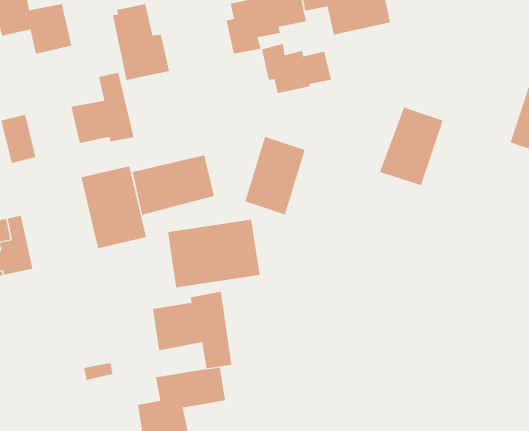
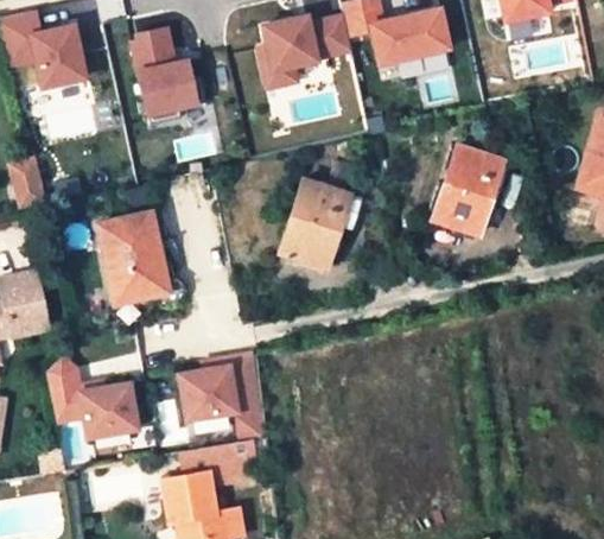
building: [261,43,331,94] -> none
building: [71,72,134,144] -> none
building: [132,155,215,215] -> none
building: [167,219,260,288] -> none
building: none -> [46,356,140,439]

